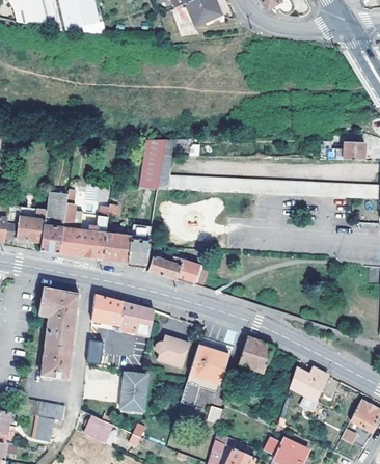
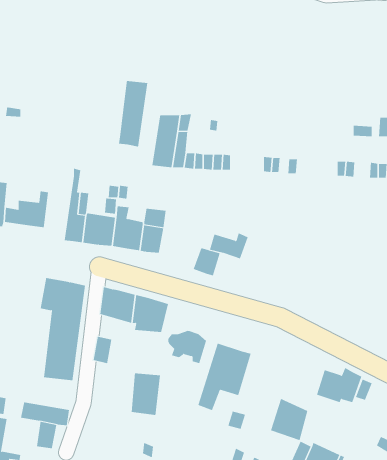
building: [40,192,67,252] -> [118,81,148,147]
building: [147,254,183,278] -> [209,233,248,259]
building: [238,335,272,374] -> [270,398,308,441]
building: [82,414,111,443] -> none

